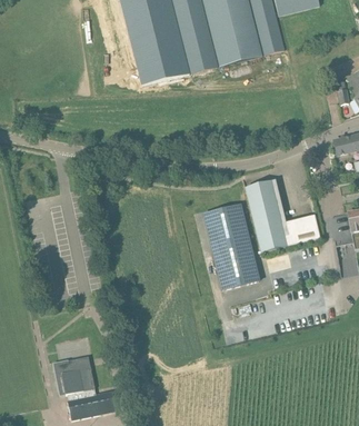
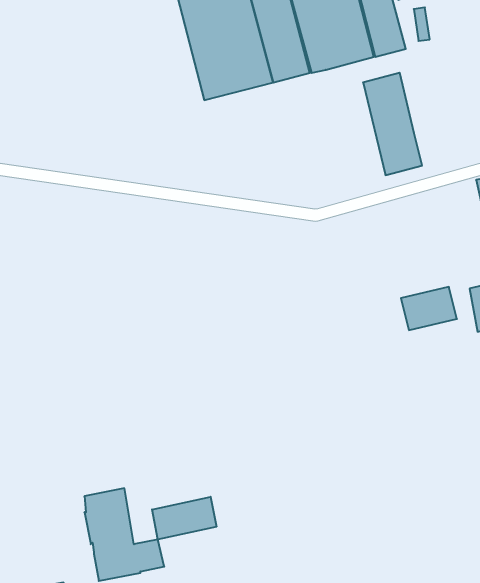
building: [246,180,287,251] -> [363,73,422,175]
building: [203,205,259,289] -> none
building: none -> [152,497,216,539]

